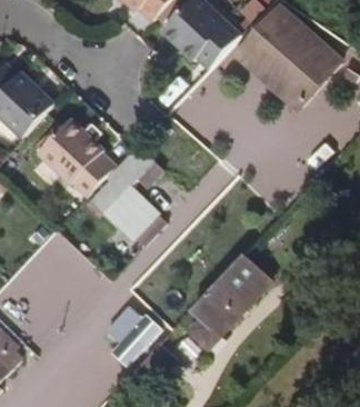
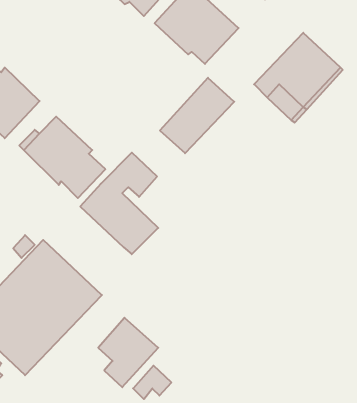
building: [229,14,298,85] -> [160,78,234,153]
building: [182,256,271,353] -> none

